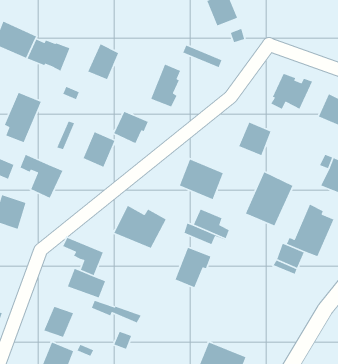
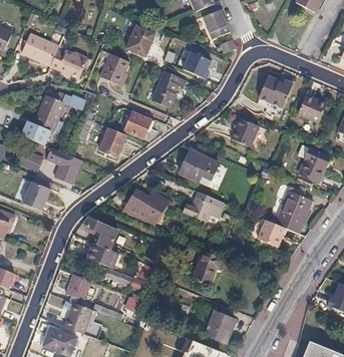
building: none -> [126,25,153,55]
building: [245,171,294,226] -> none
building: [174,247,211,288] -> [192,251,223,286]

